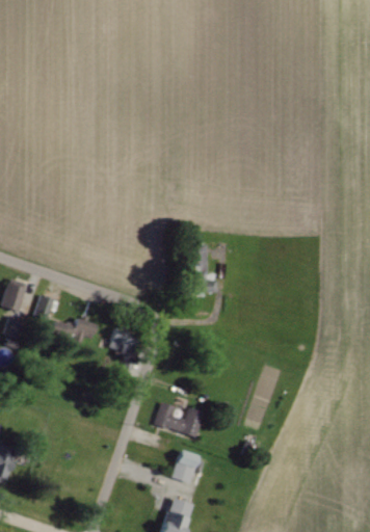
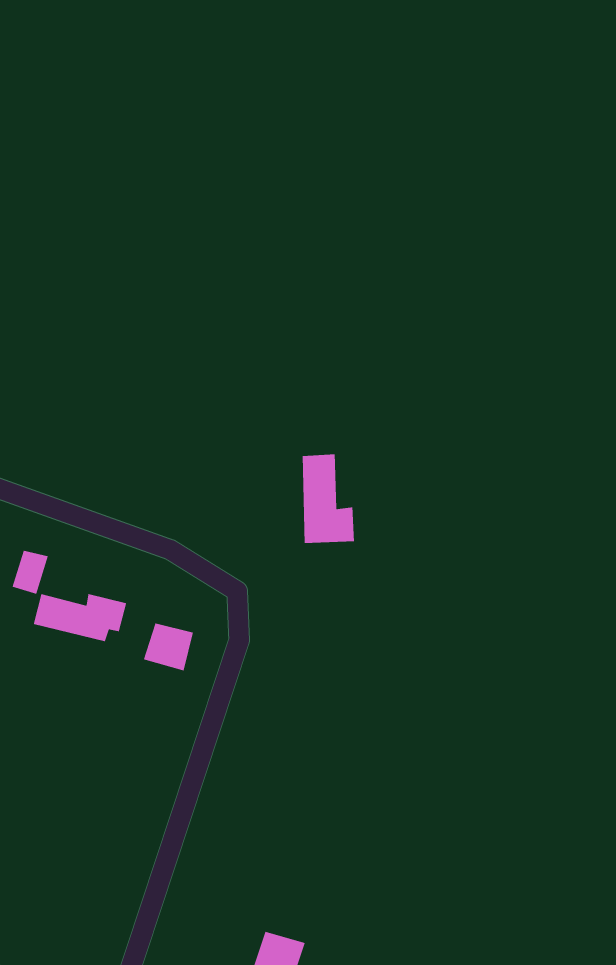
building: [156,402,206,436] -> none
building: [174,450,199,481] -> none

